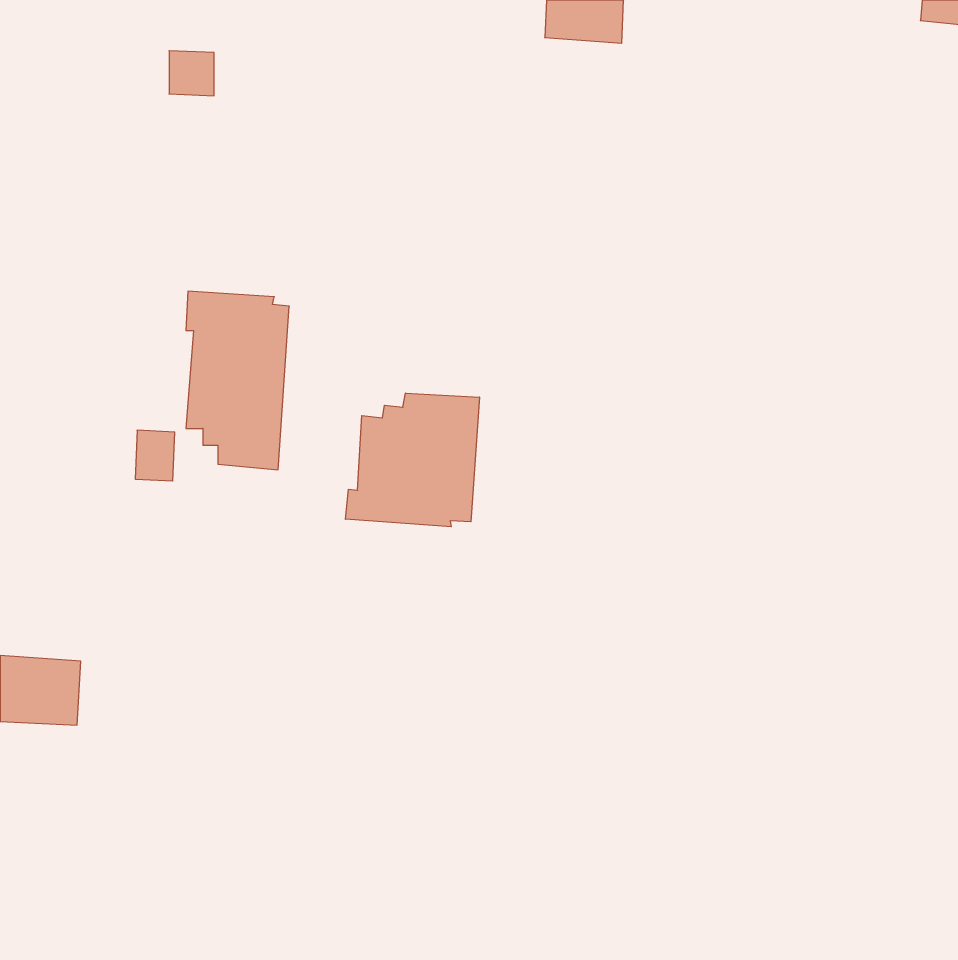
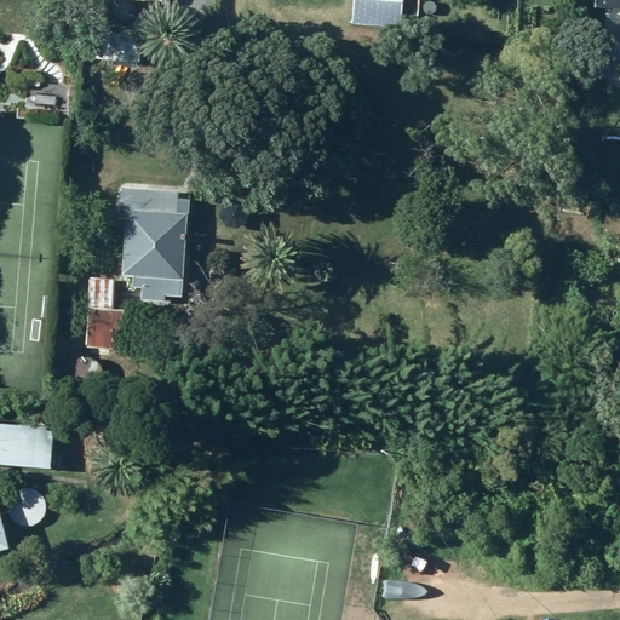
building: [345,393,479,527] -> none

